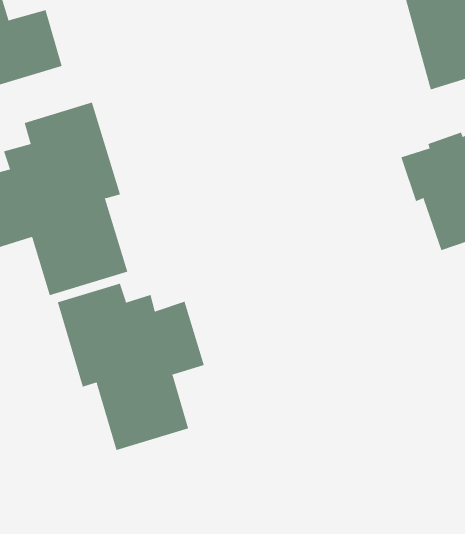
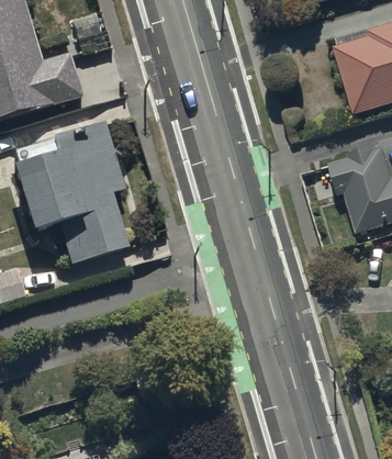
building: [57,283,205,451] -> none

